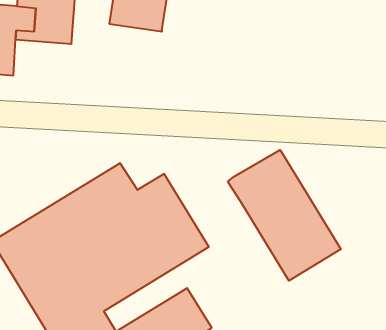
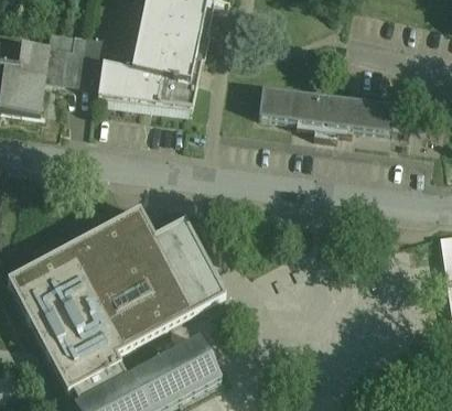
building: none -> [97,62,196,106]
building: none -> [258,87,394,131]
building: [228,150,341,281] -> none

